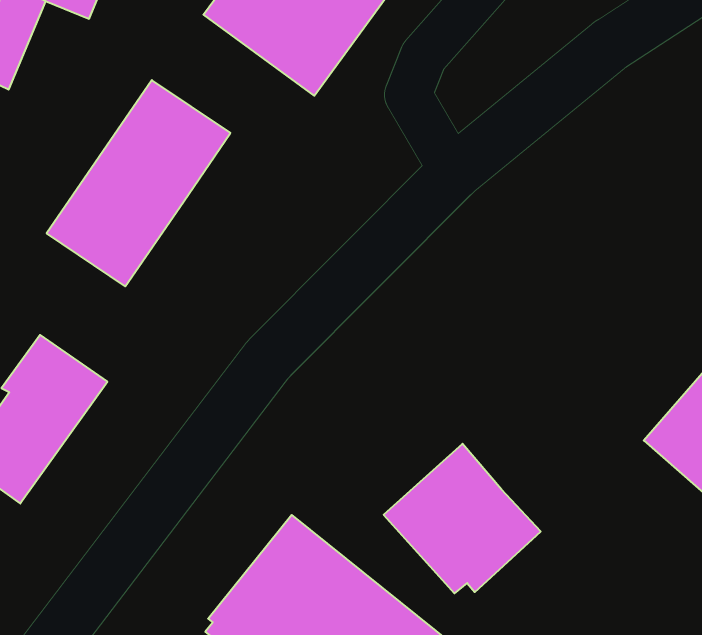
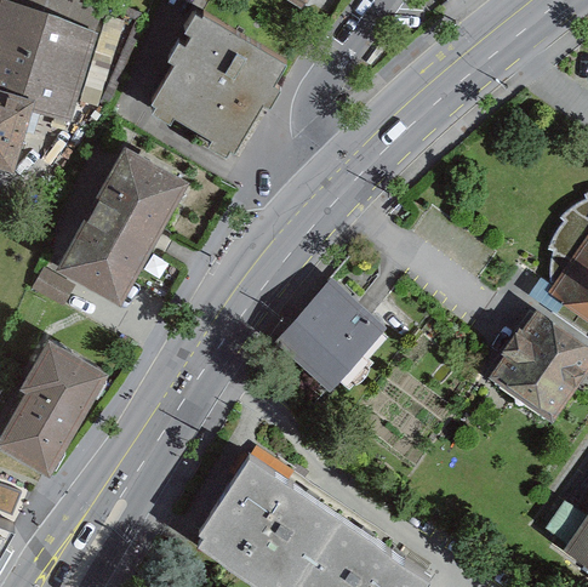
building: [384,444,541,593] -> [276,284,392,393]

